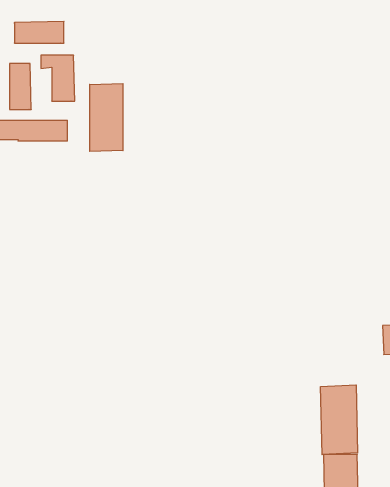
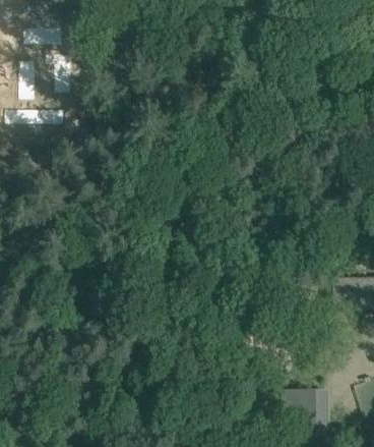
building: [90,84,123,151] -> none
building: [321,385,358,455] -> none

